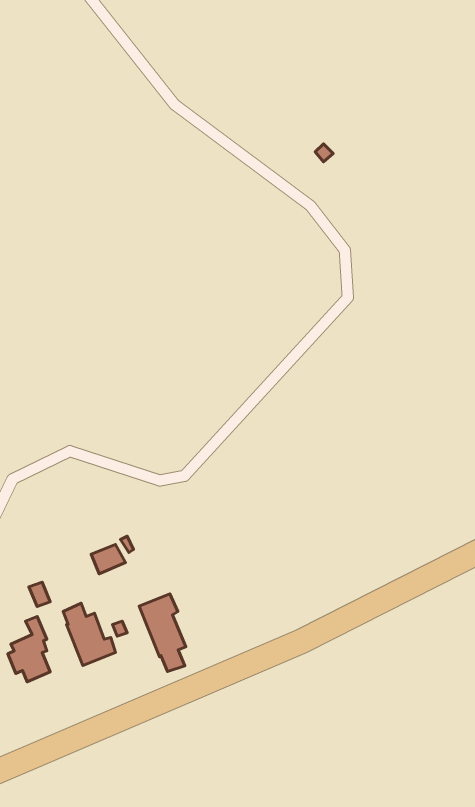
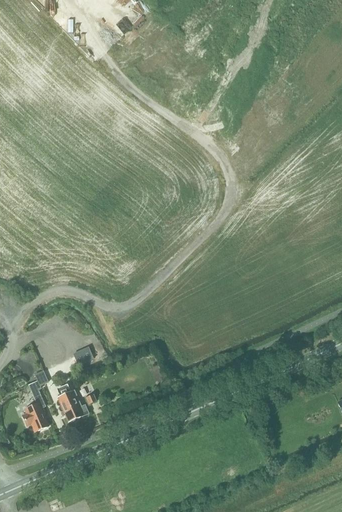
building: [139,594,186,672] -> none

